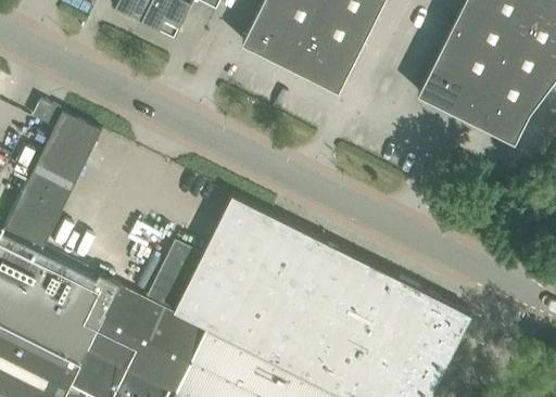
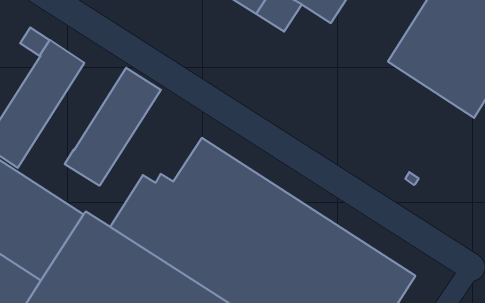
building: [305,46,353,92] -> none
building: none -> [65,68,161,186]

